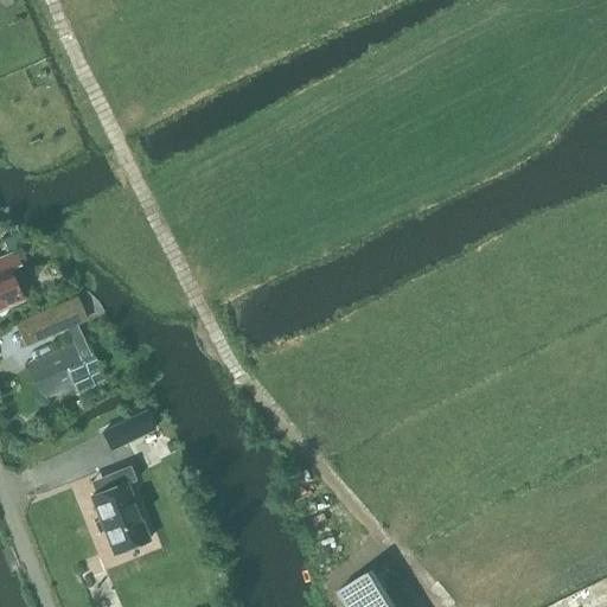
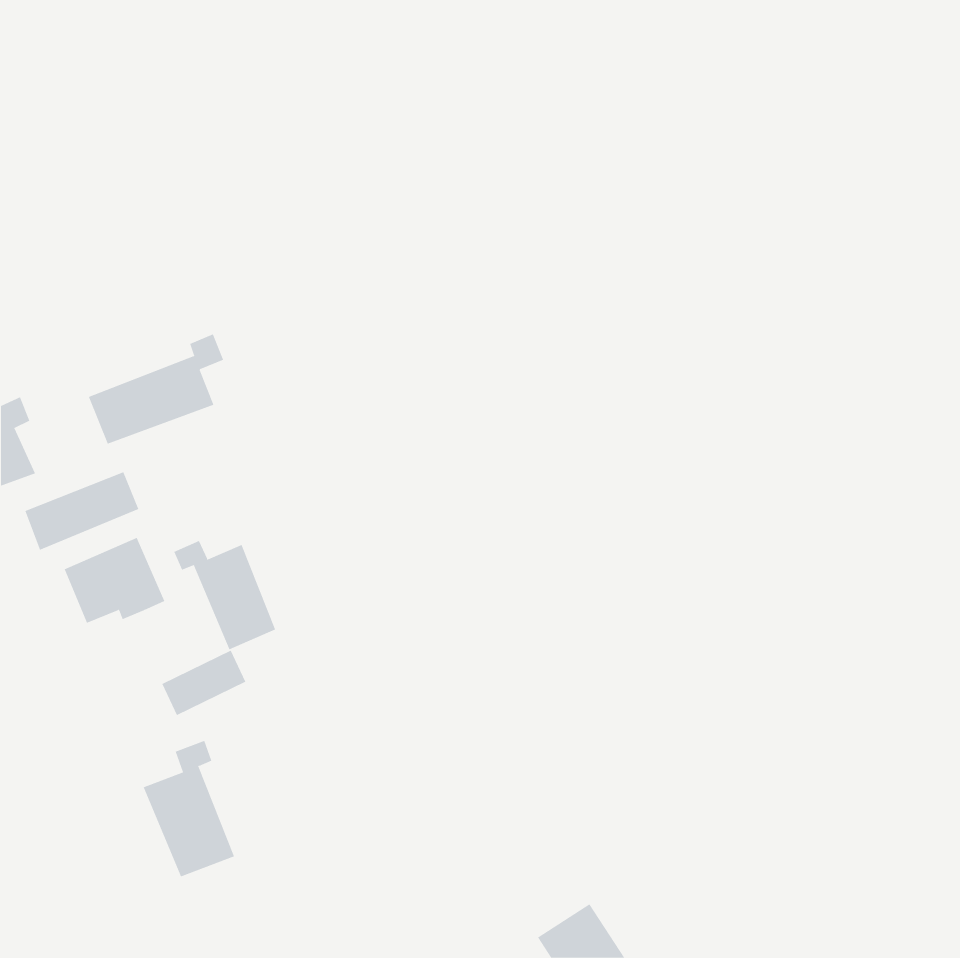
building: none -> [88,334,224,445]
building: none -> [173,540,276,650]

